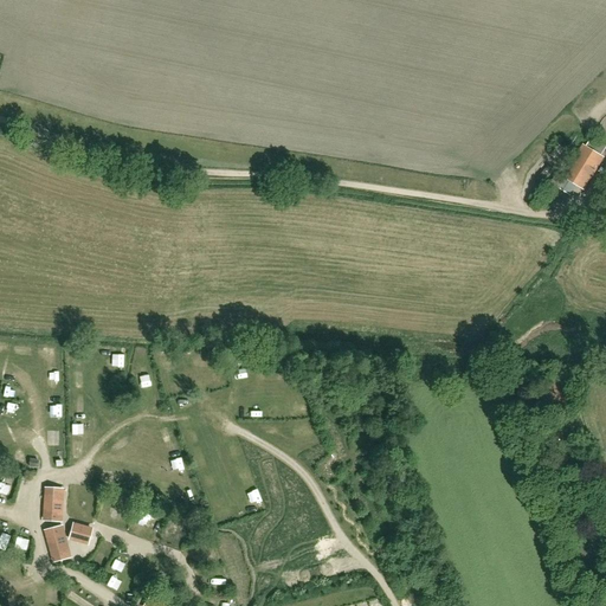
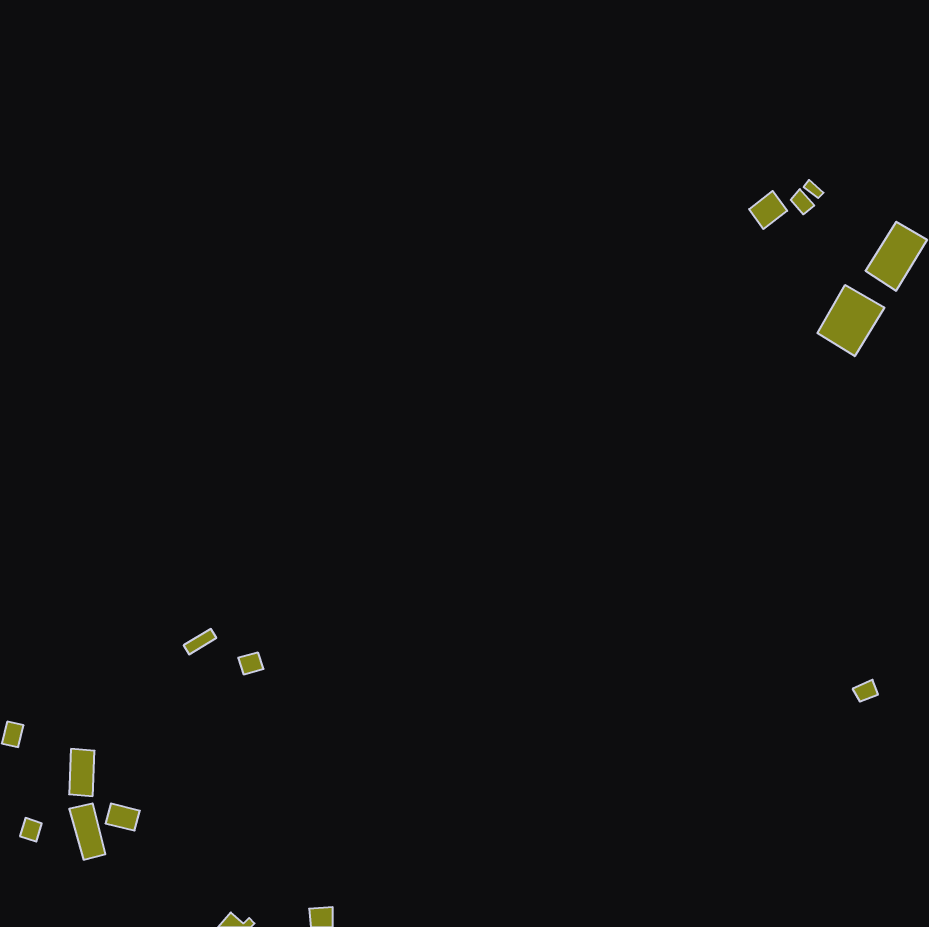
building: none -> [817,285,884,356]

